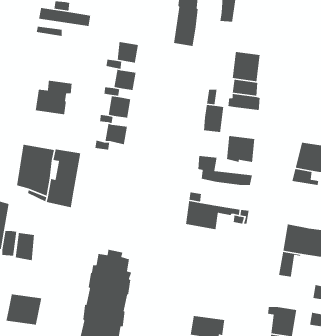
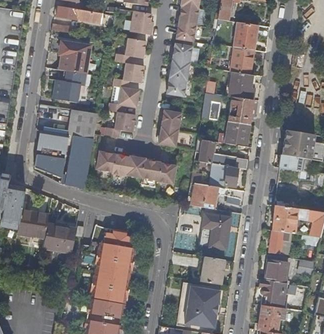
building: none -> [127,10,153,36]
building: none -> [230,22,257,50]
building: none -> [54,41,89,76]
building: none -> [163,44,191,99]
building: none -> [223,98,252,126]
building: none -> [155,109,180,149]
building: none -> [66,111,95,139]
building: none -> [94,153,174,185]
building: none -> [211,166,236,185]
building: none -> [200,213,231,249]
building: none -> [202,256,226,284]
building: none -> [267,258,290,282]
building: [6,294,42,326] -> [45,222,78,251]

